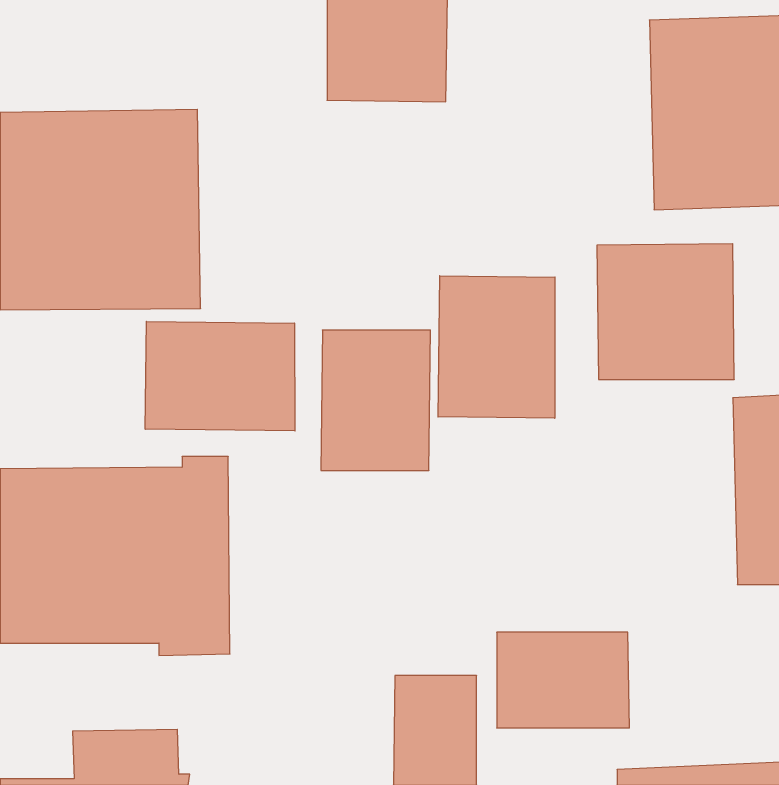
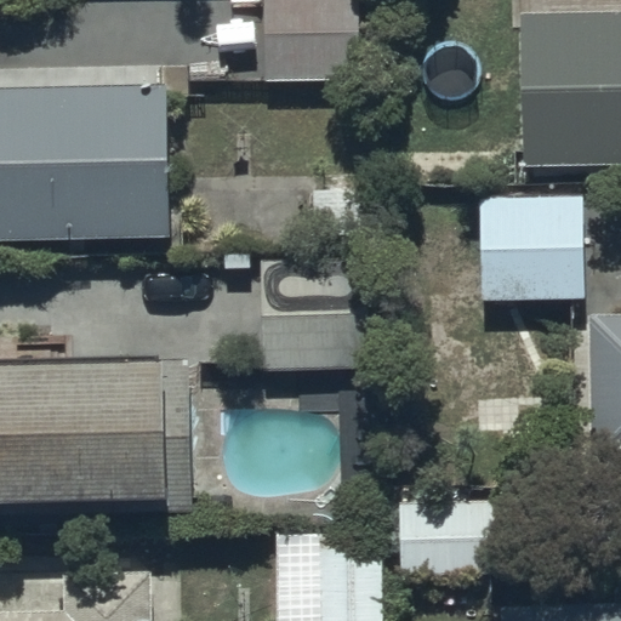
building: [438,276,555,418] -> none
building: [145,321,295,431] -> none

